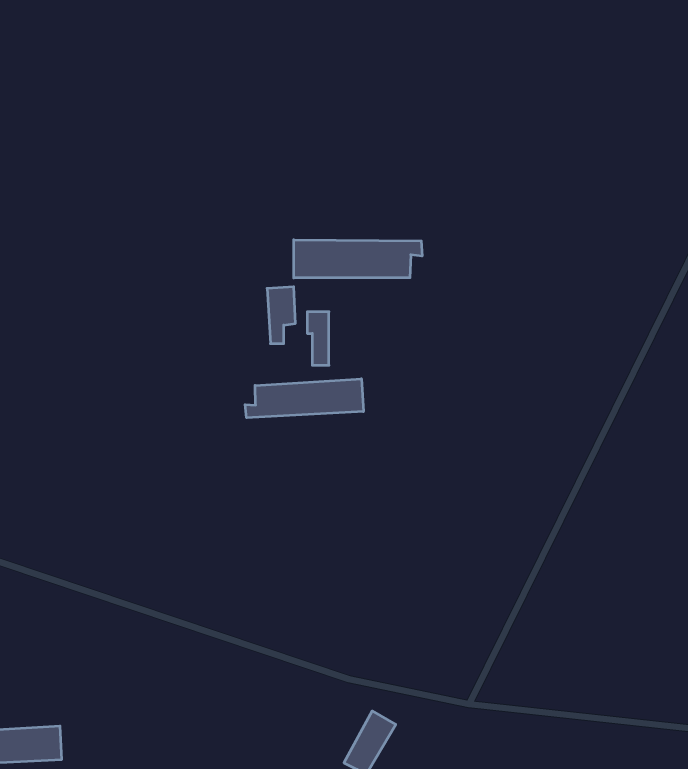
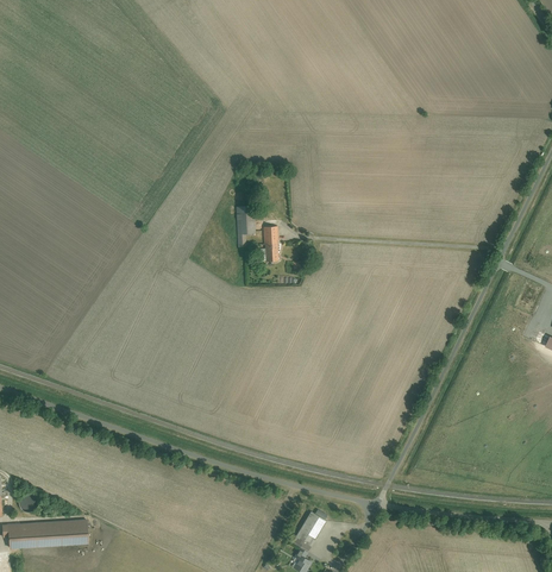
building: [294,240,422,278] -> none
building: [245,379,363,418] -> none

